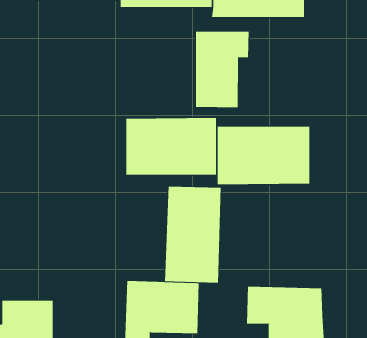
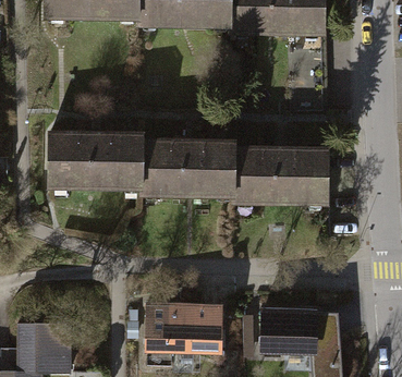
building: [195,31,249,108] -> none
building: none -> [44,131,144,190]
building: [164,186,221,283] -> none

